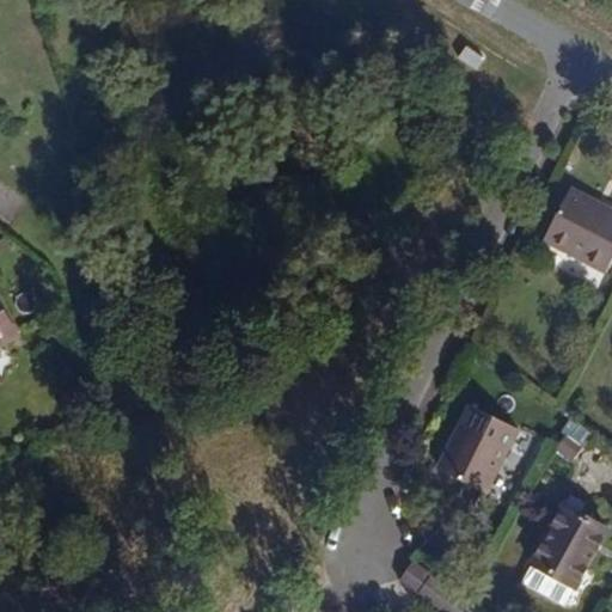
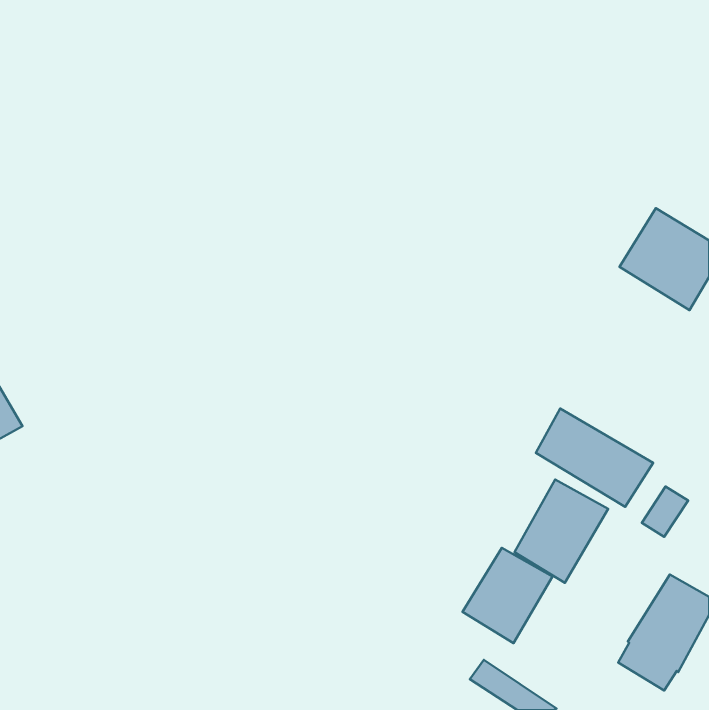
building: none -> [536,408,653,507]
building: none -> [462,548,552,643]

